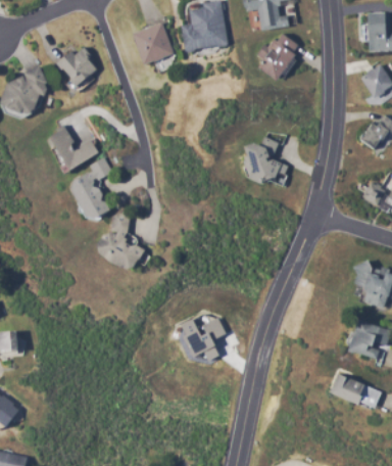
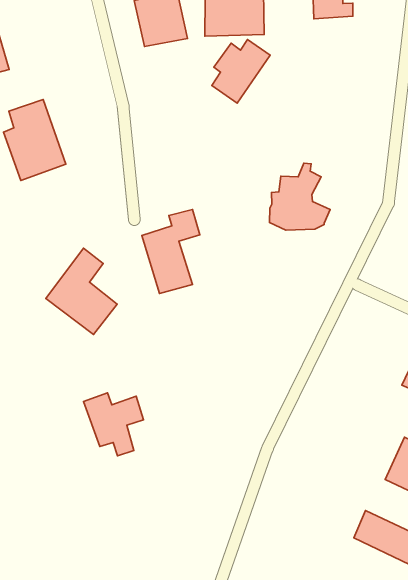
building: [259,35,298,81] -> [212,39,270,103]
building: [59,48,99,87] -> none
building: [68,158,109,221] -> [142,210,200,294]
building: [181,318,225,362] -> [84,393,143,456]

